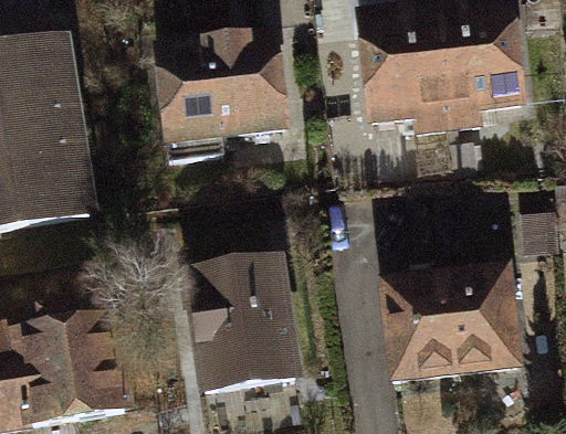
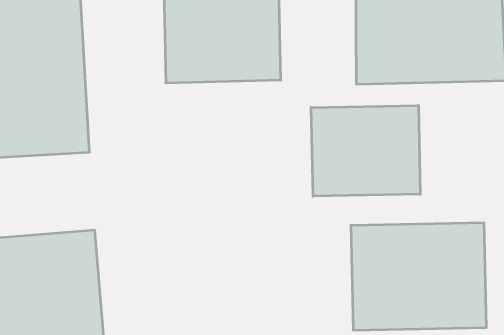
building: none -> [311,105,420,196]
building: [179,252,308,393] -> none

